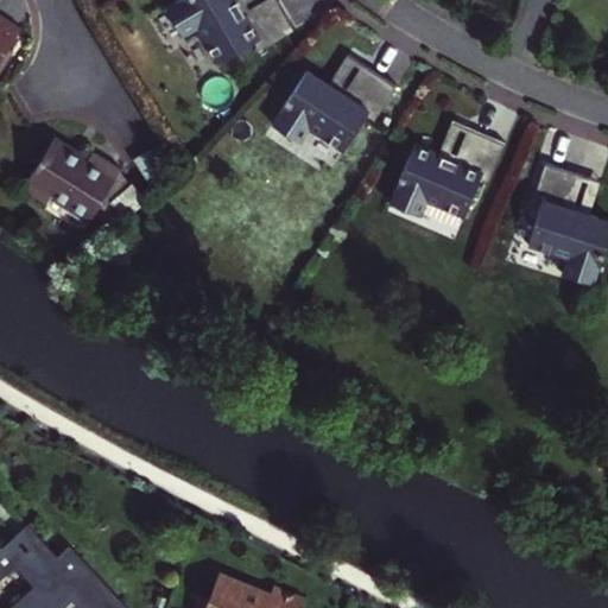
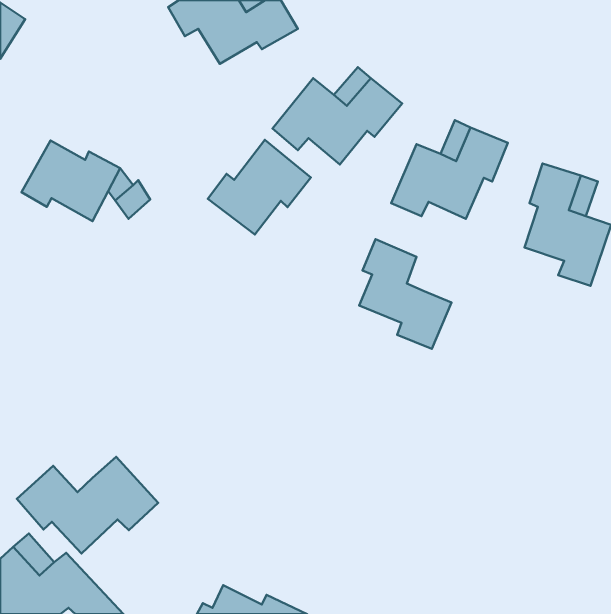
building: none -> [208,140,311,234]
building: none -> [359,239,452,349]
building: none -> [17,457,158,554]

